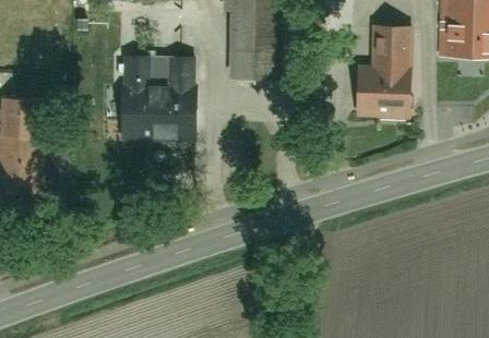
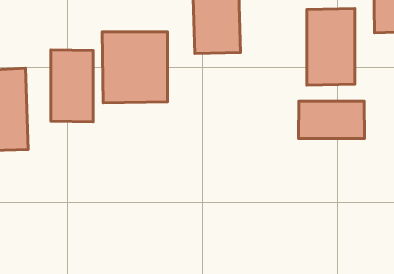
building: none -> [51,50,93,122]
building: none -> [298,101,364,139]

